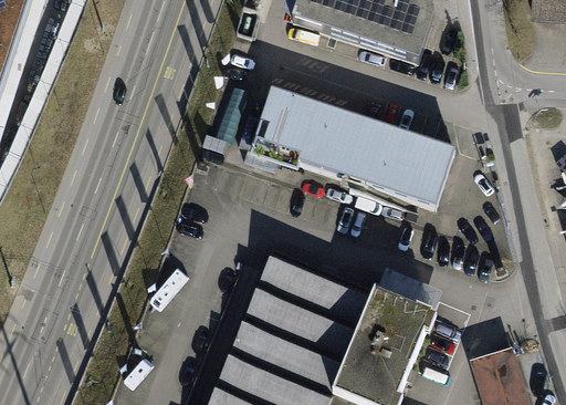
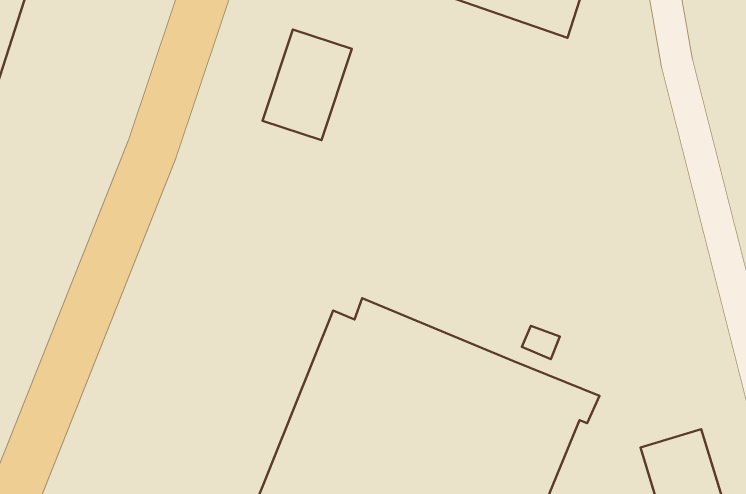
building: none -> [262,30,352,140]
building: [251,83,457,214] -> none

